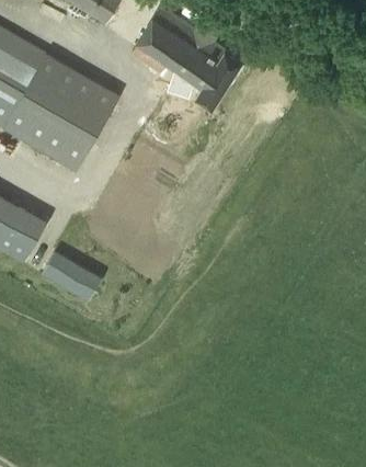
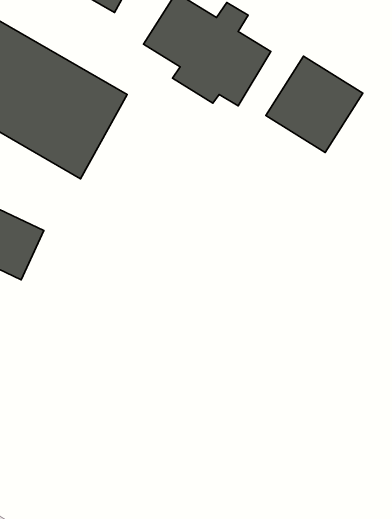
building: none -> [266,56,363,153]
building: [41,251,101,289] -> none

